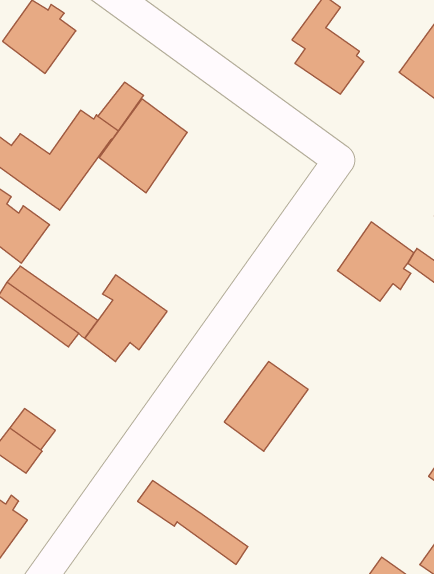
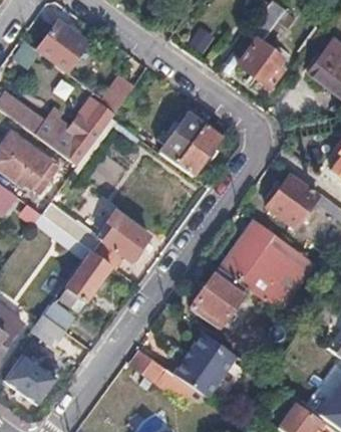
building: [99,99,187,193] -> [160,113,221,177]
building: none -> [219,220,301,303]
building: none -> [59,252,109,309]
building: none -> [174,332,237,398]

